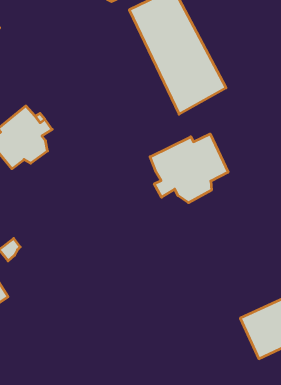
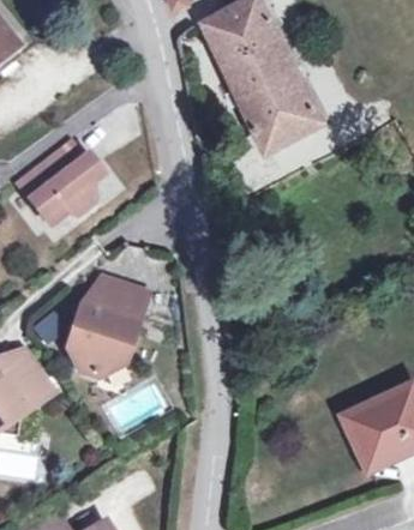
building: [150,134,228,203] -> none
building: none -> [66,275,149,374]

